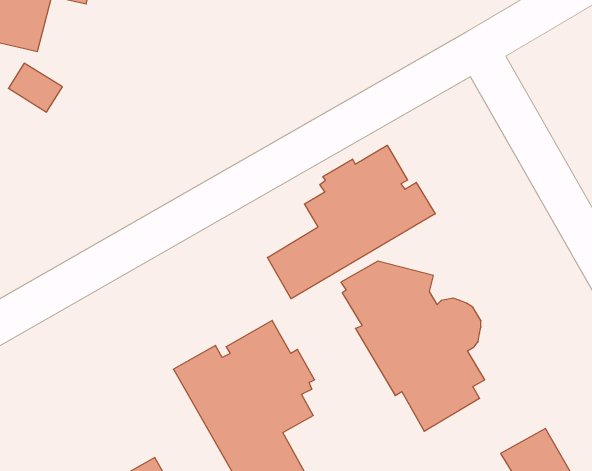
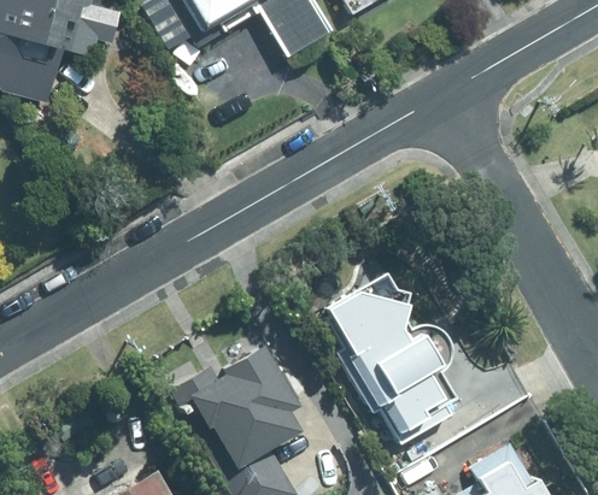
building: [267,145,435,299] -> none

